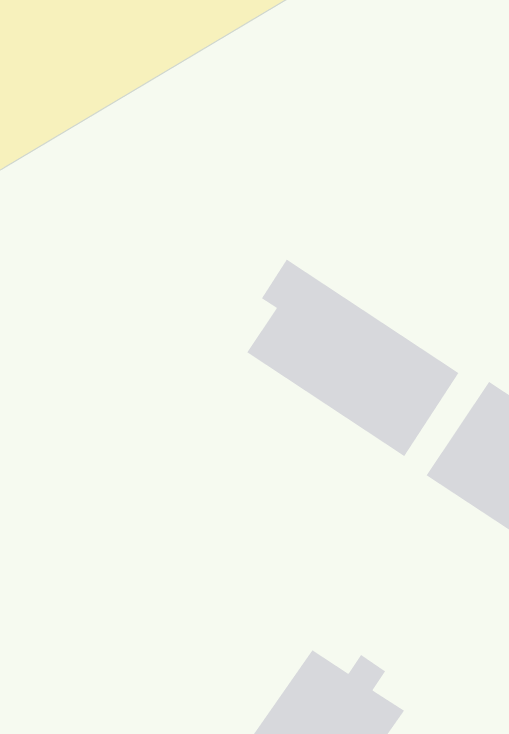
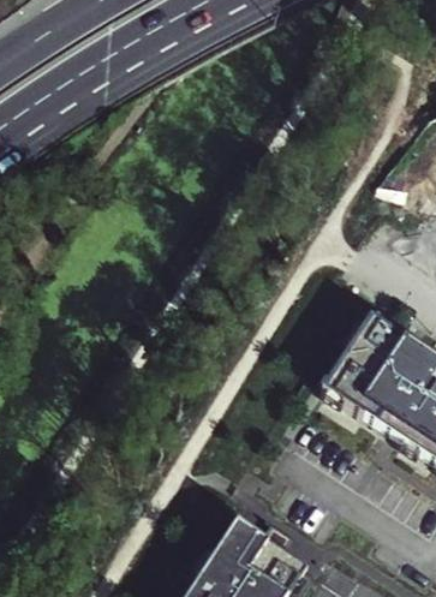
building: [246,259,460,457] -> none

